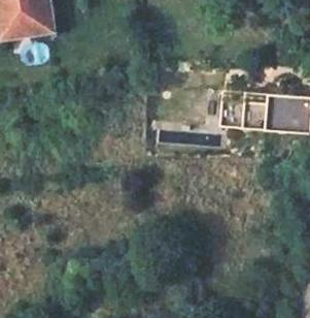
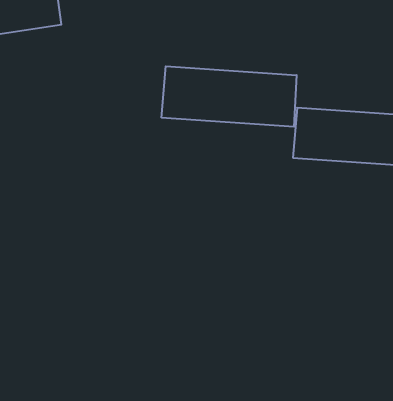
building: none -> [162,66,297,127]

